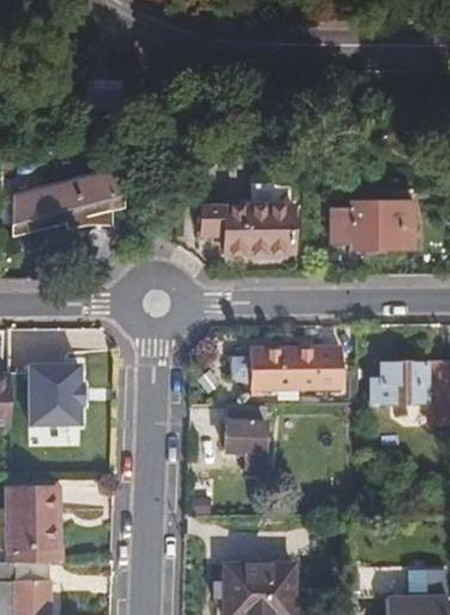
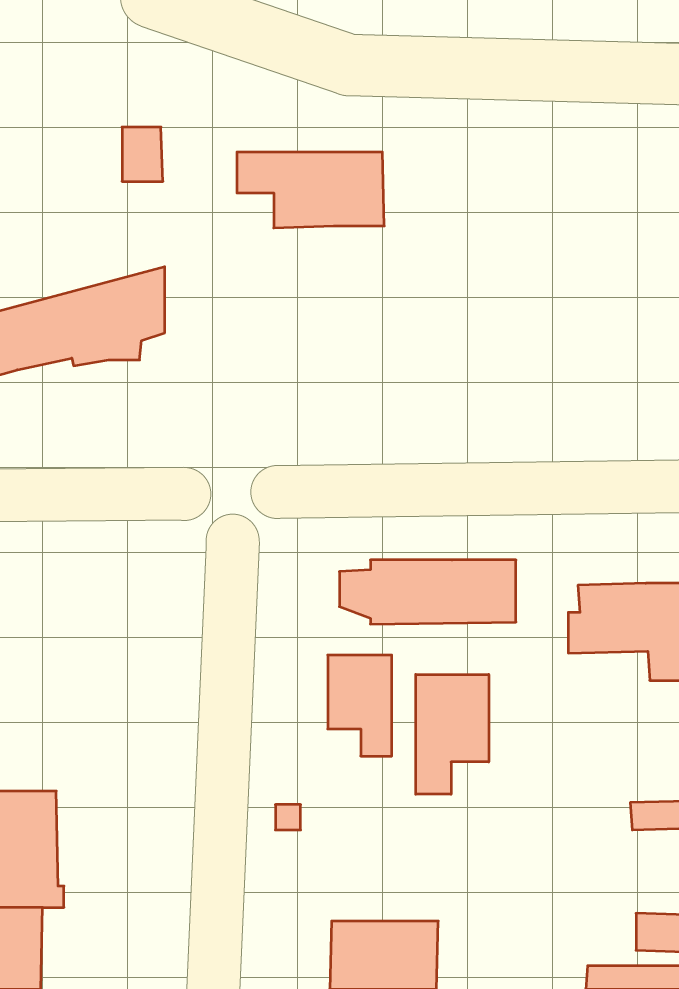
building: [332,202,414,249] -> none
building: [202,207,293,253] -> [237,152,384,228]
building: [29,365,84,425] -> none
building: none -> [416,674,489,794]

